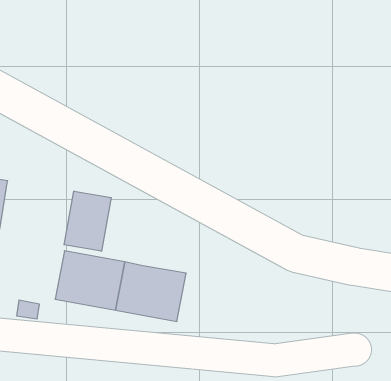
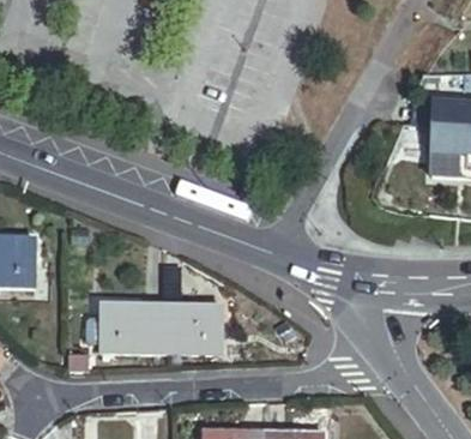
building: [64,191,111,251] -> none

